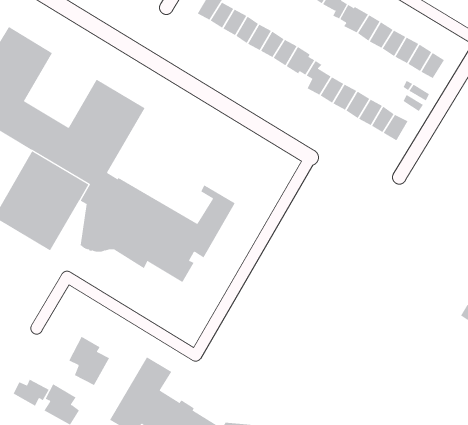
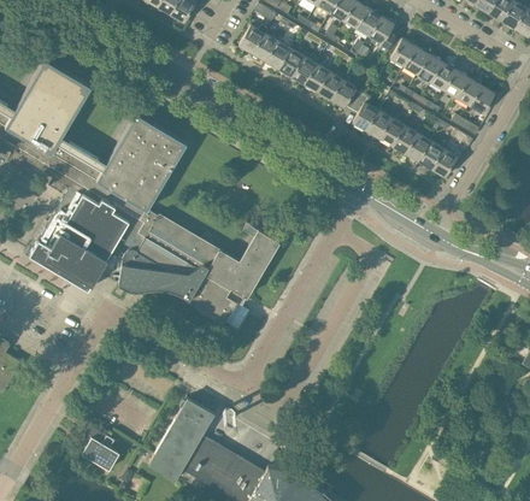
building: [68,336,110,386] -> none
building: [13,379,50,407] -> none

